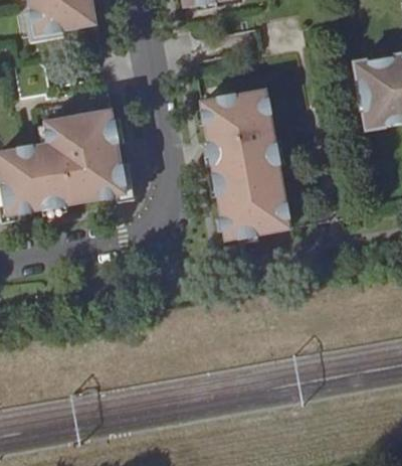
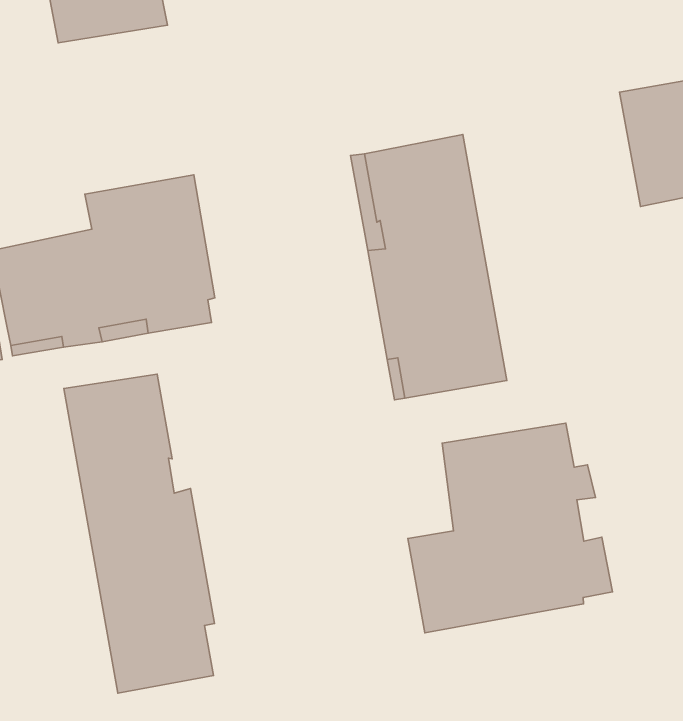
building: none -> [64,374,214,693]
building: none -> [408,423,612,633]

